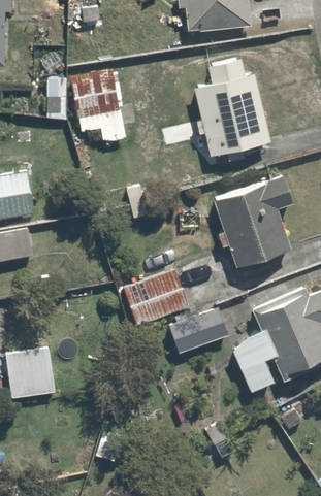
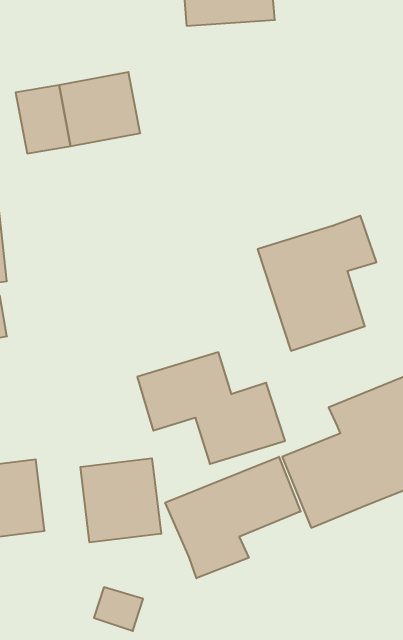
building: [192,59,284,163] -> none
building: none -> [165,457,301,578]
building: none -> [80,458,161,542]

